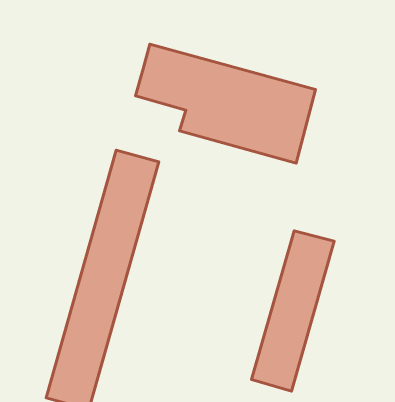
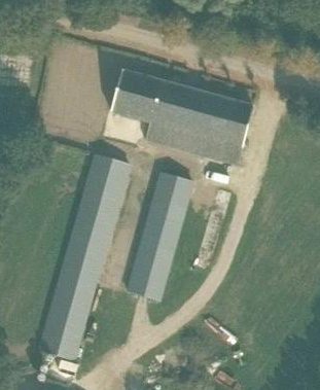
building: [251,231,334,391] -> [127,173,192,300]

